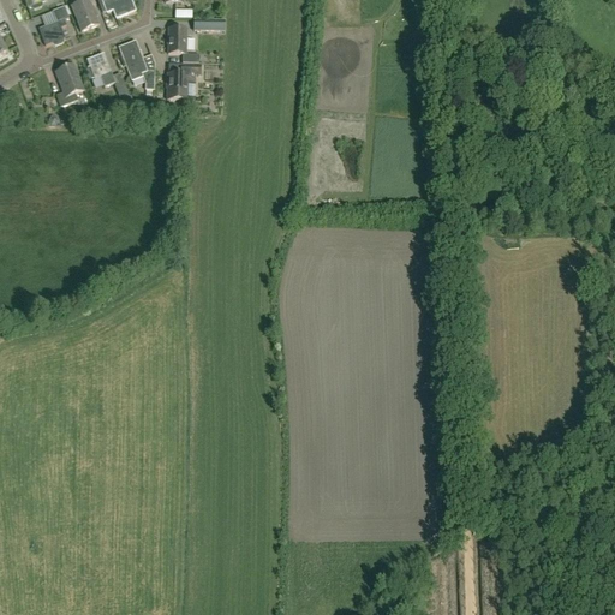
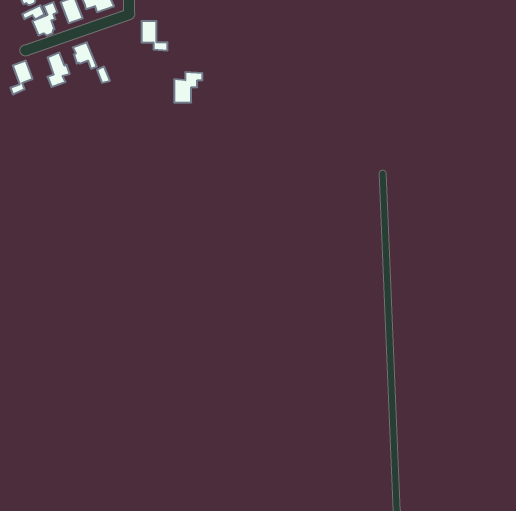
building: [119,37,148,78] -> none
building: [167,61,201,97] -> [174,72,202,102]
building: none -> [11,60,32,95]

